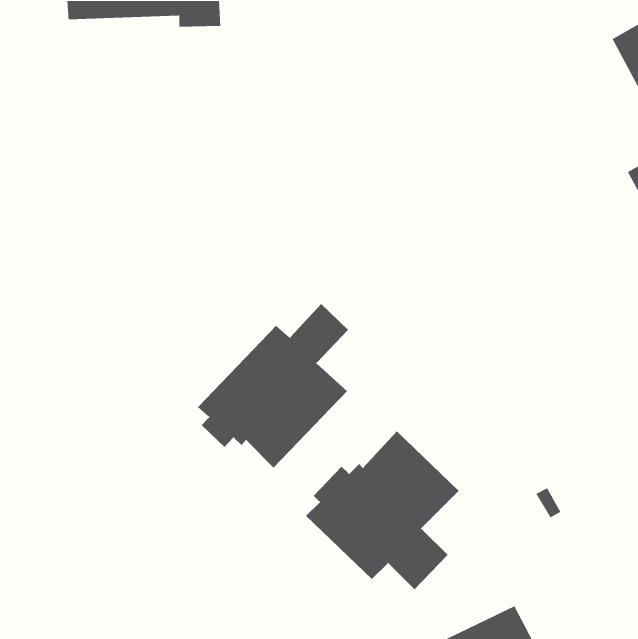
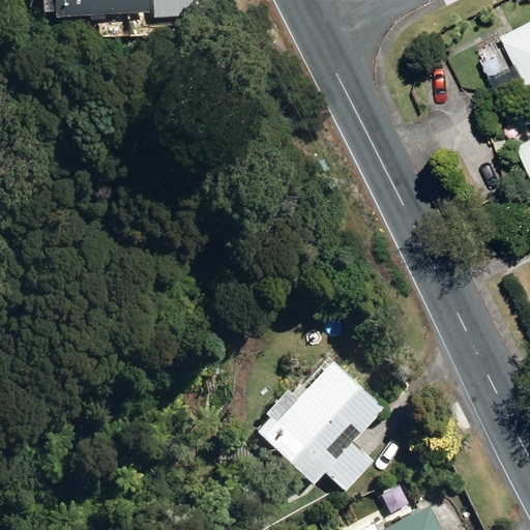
building: [197,303,349,469] -> none

